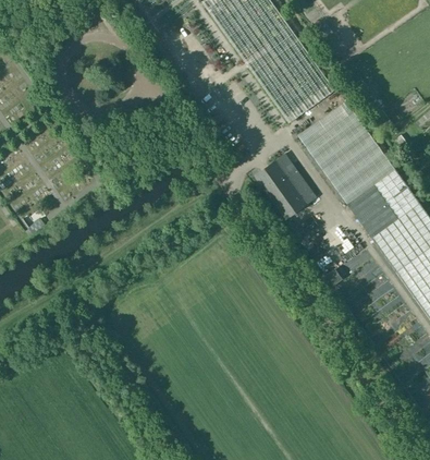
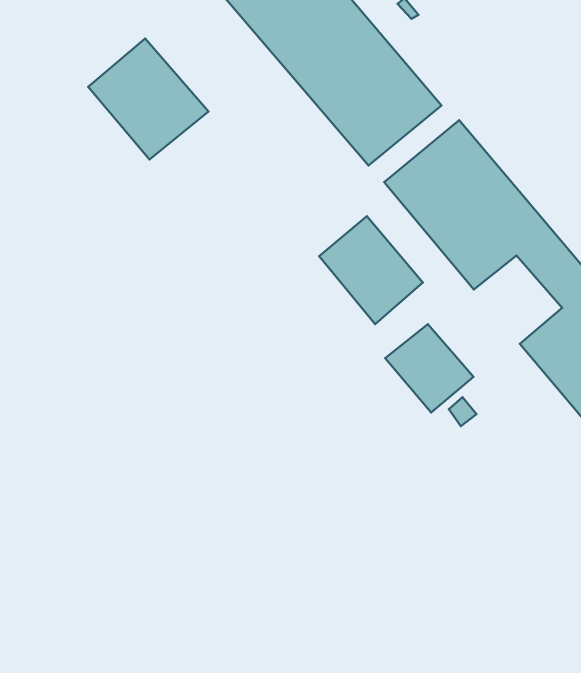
building: none -> [88,38,209,160]
building: [345,184,397,238] -> [385,324,474,413]

